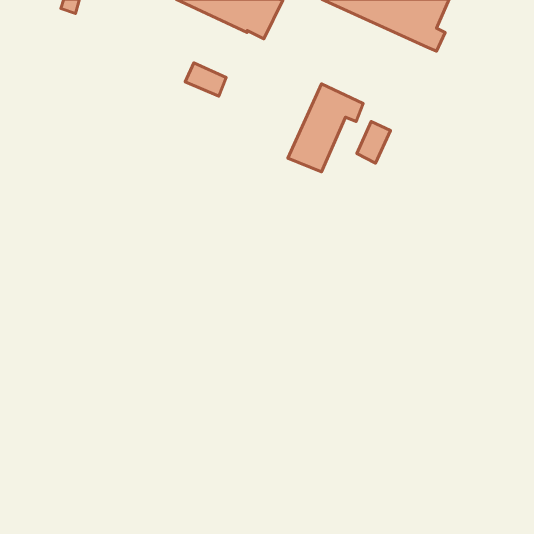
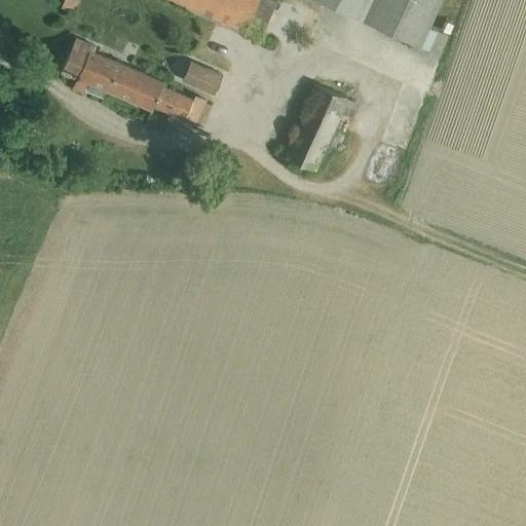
building: none -> [60,37,205,127]
building: [357,122,391,163] -> none

